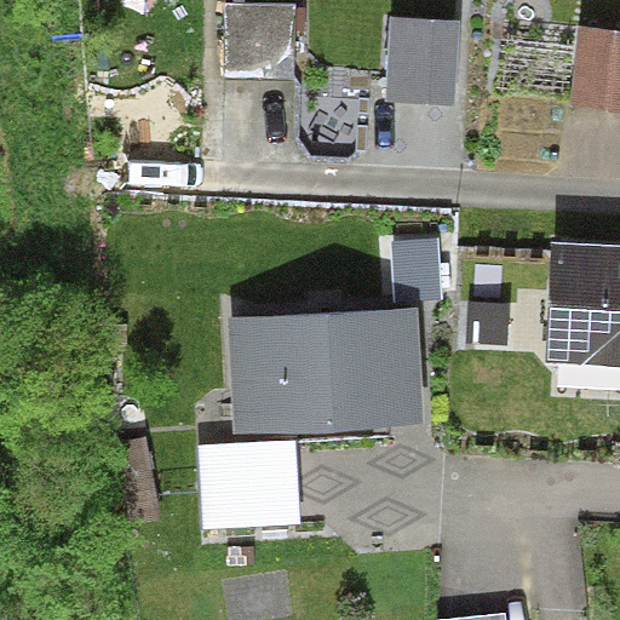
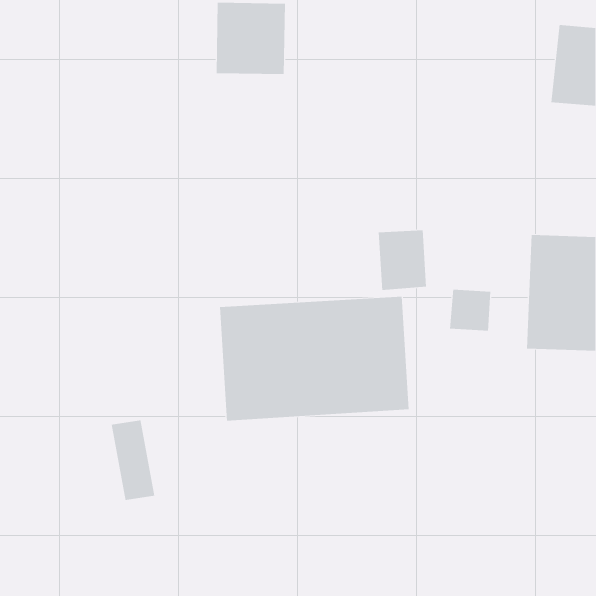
building: [388,16,460,104] -> none
building: [199,440,300,528] -> none

